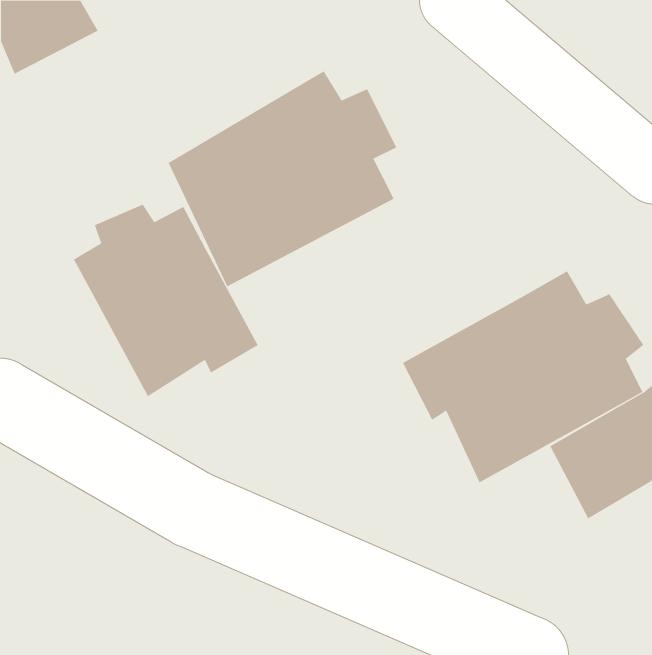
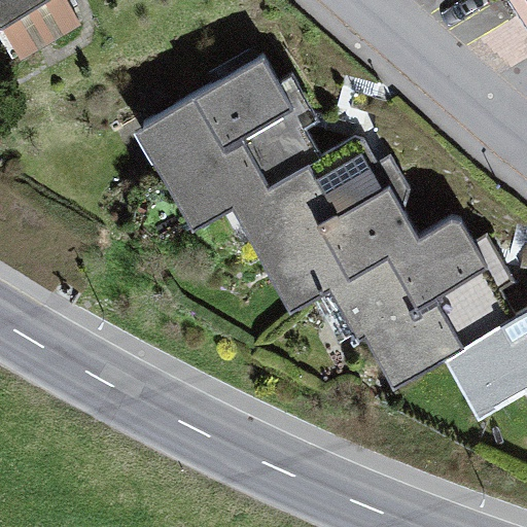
building: none -> [229,141,420,312]
building: [73,204,258,397] -> none

